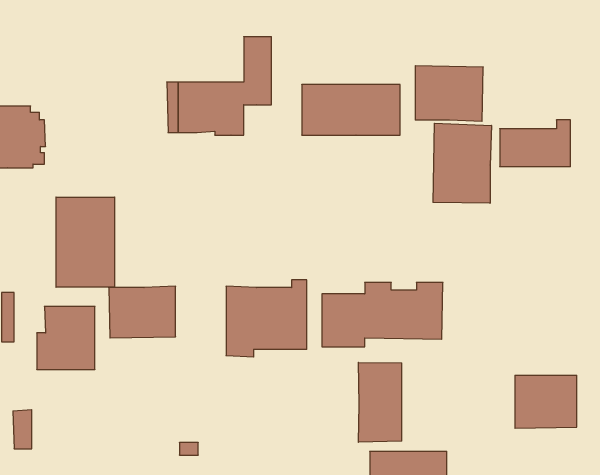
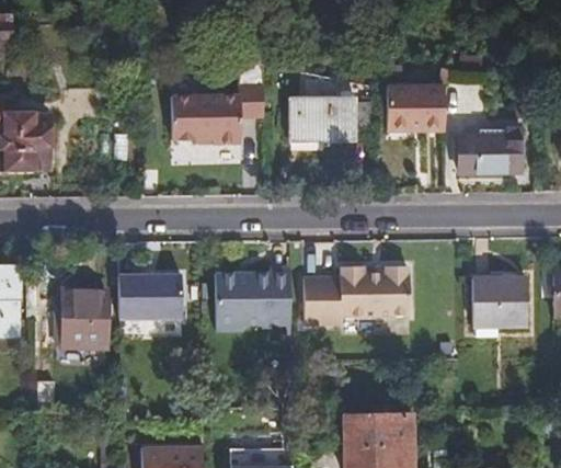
building: [433,123,491,203] -> none
building: [56,197,115,287] -> none
building: [358,362,402,442] -> none
building: [515,375,577,428] -> [472,278,526,324]

